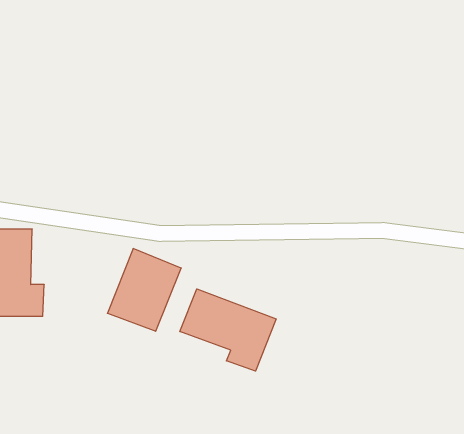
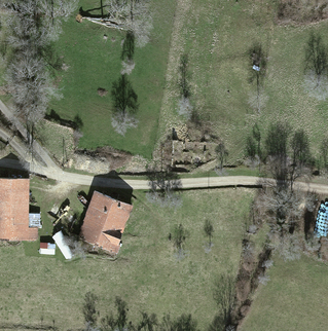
building: [180,289,276,371] -> none

